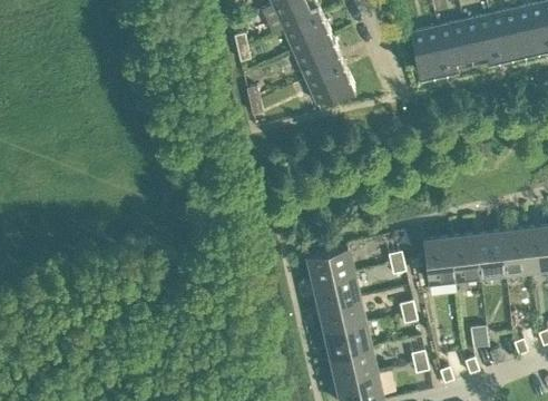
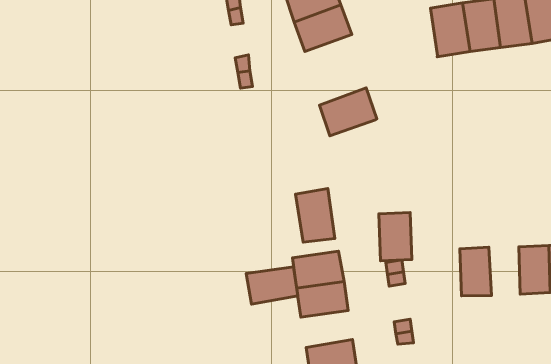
building: [304,62,354,106] -> [319,88,377,136]
building: none -> [295,189,335,242]
building: [474,233,505,276] -> none
building: [423,238,454,282] -> [379,212,412,261]
building: [319,299,364,333] -> [246,267,298,304]

